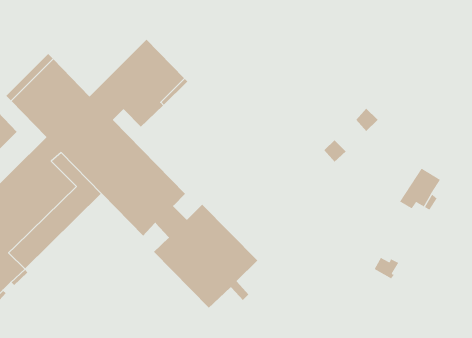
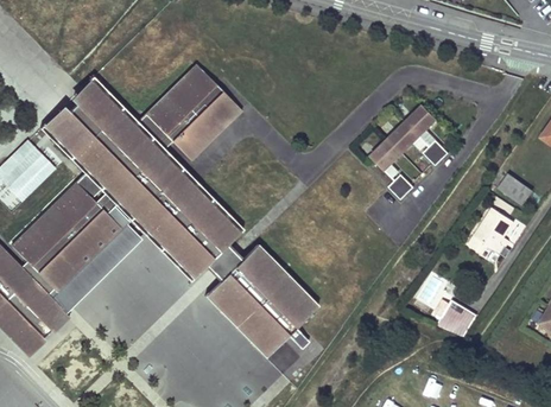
building: none -> [369,106,435,171]
building: none -> [498,172,532,204]

